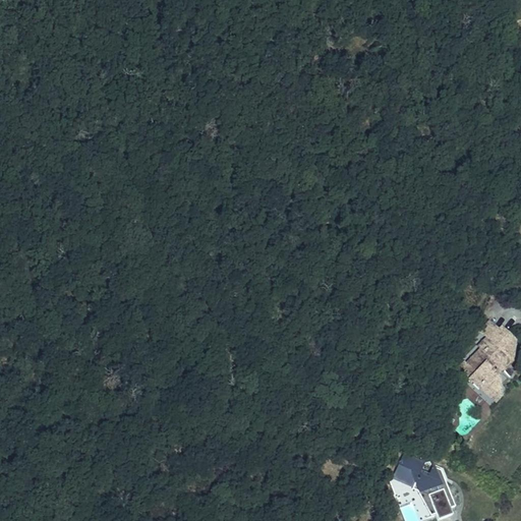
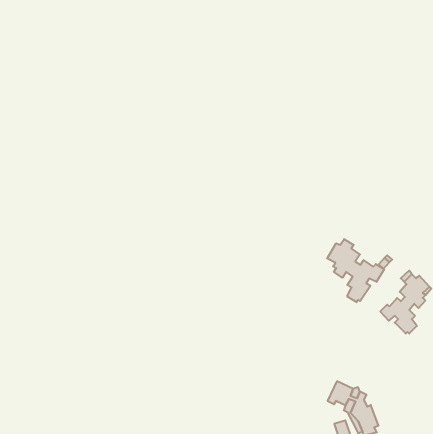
building: none -> [327,239,384,302]

